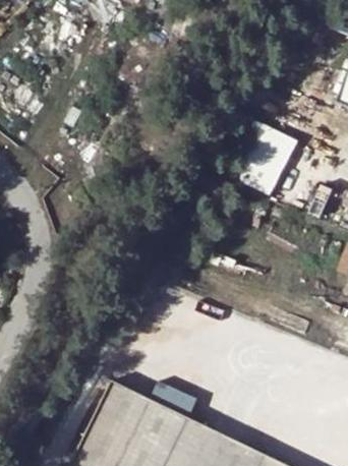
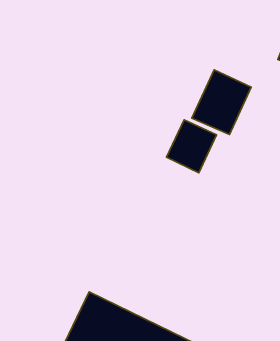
building: none -> [167,120,217,173]

